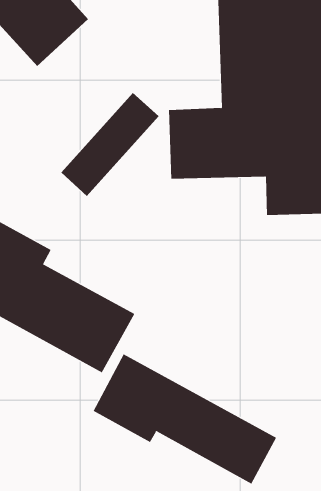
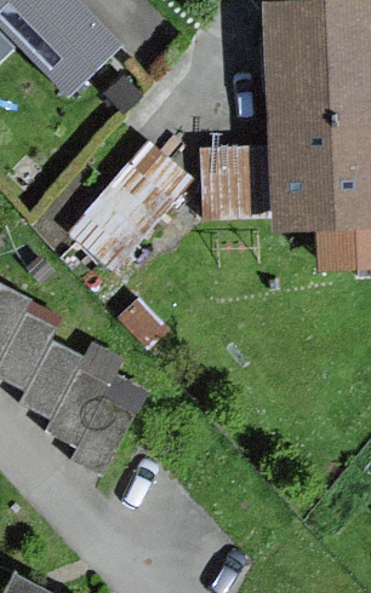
building: [93,353,277,485] -> none

